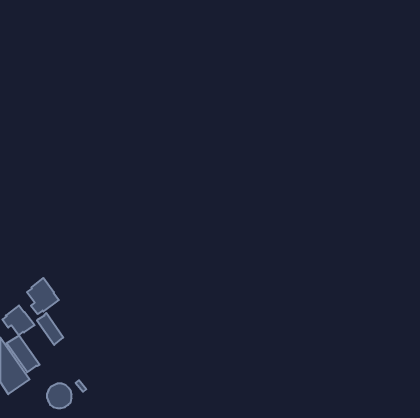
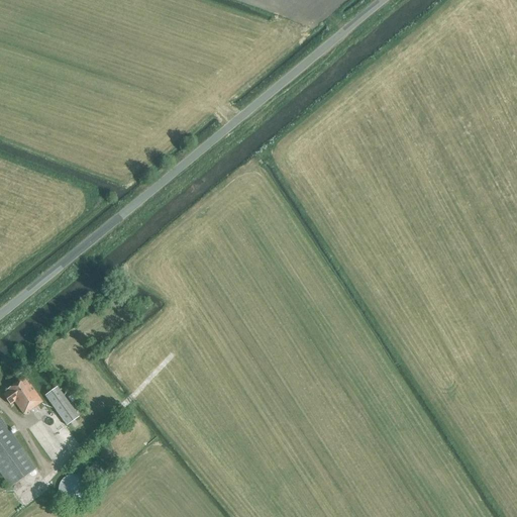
building: [27,278,59,314] -> none
building: [7,336,40,372] -> none

